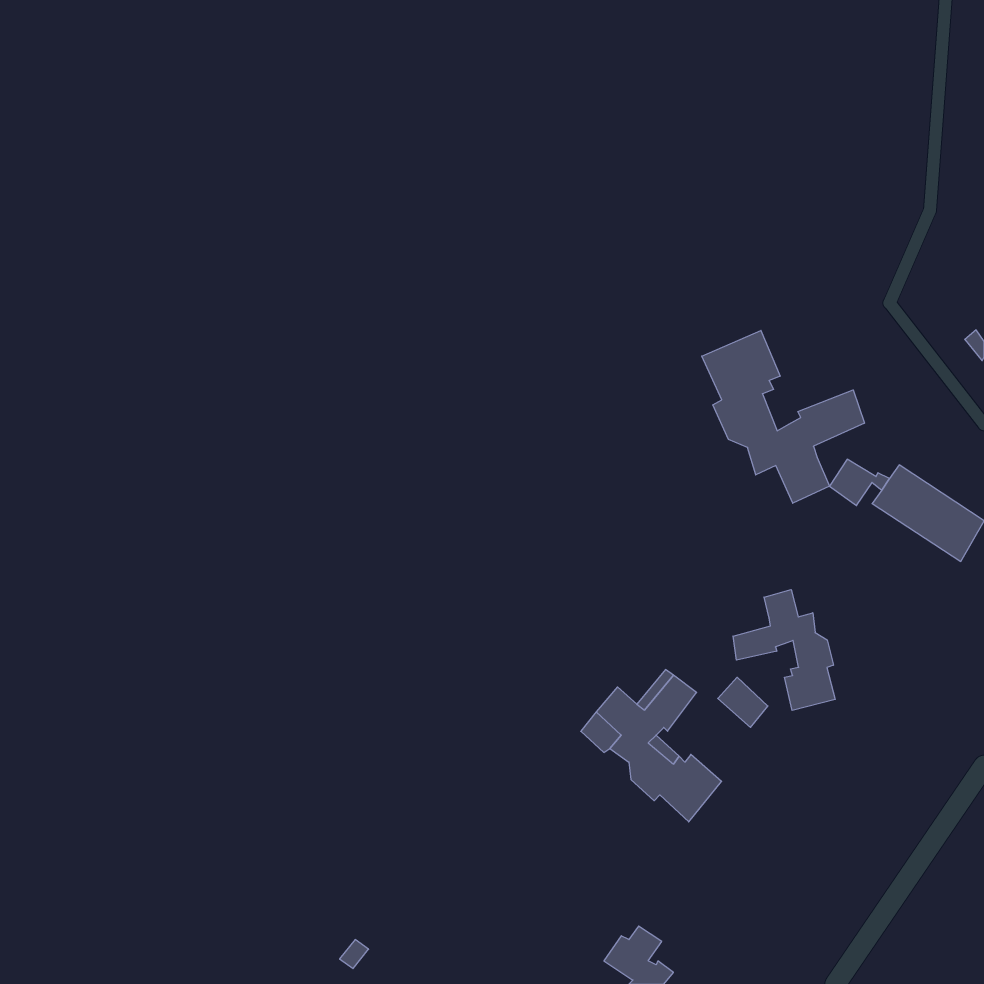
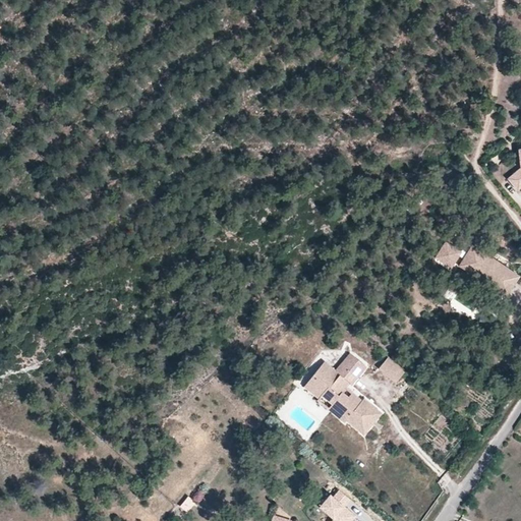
building: [702,330,864,503] -> none
building: [733,590,835,710] -> none

